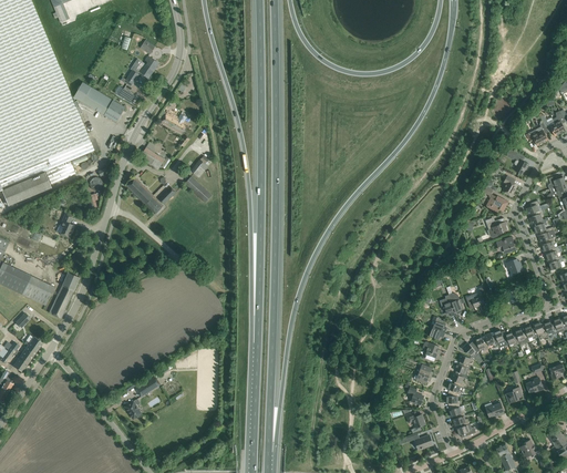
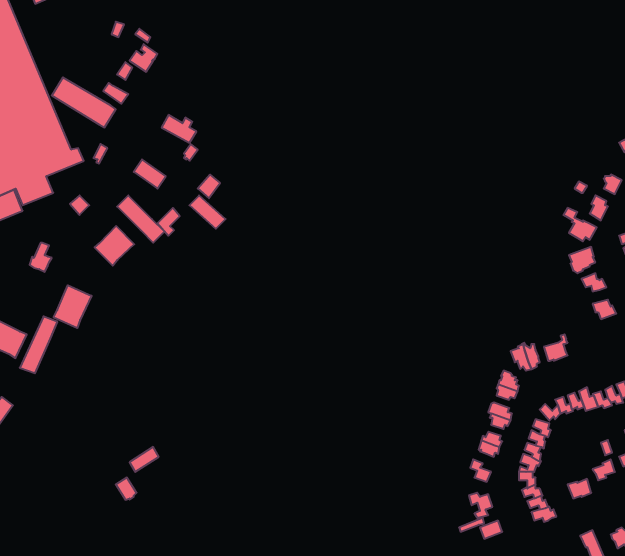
building: none -> [95,226,134,266]
building: none -> [54,285,92,328]

